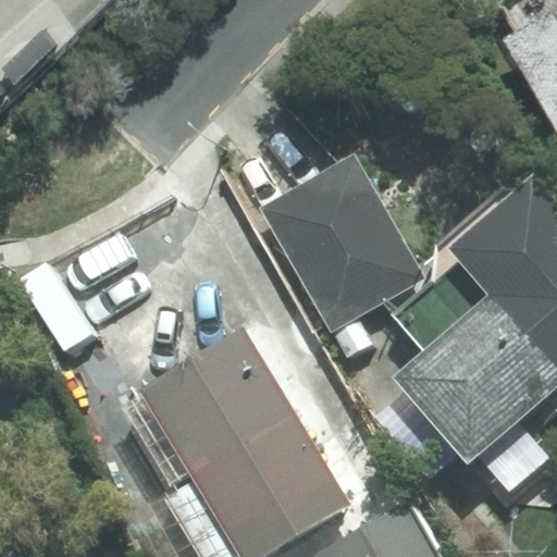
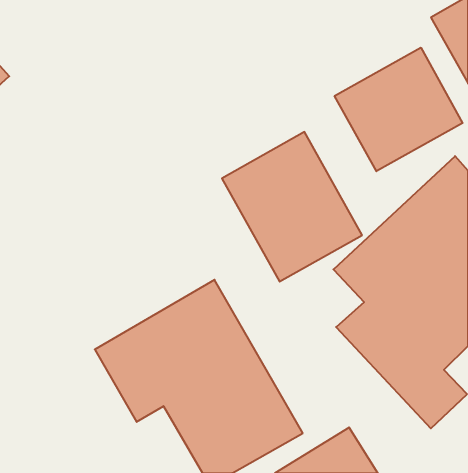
building: none -> [335,48,463,171]

